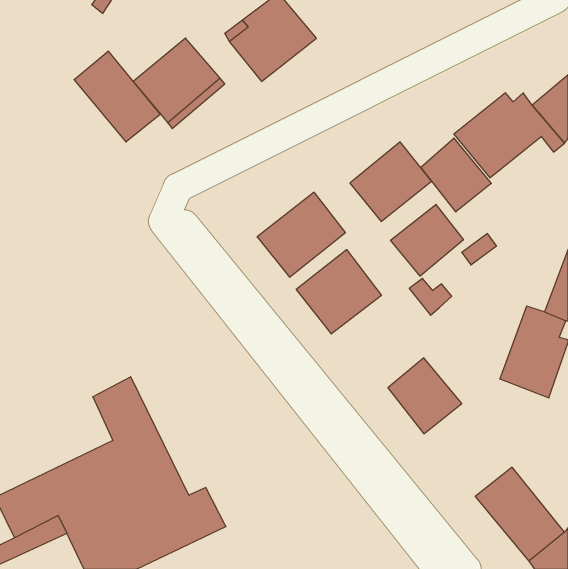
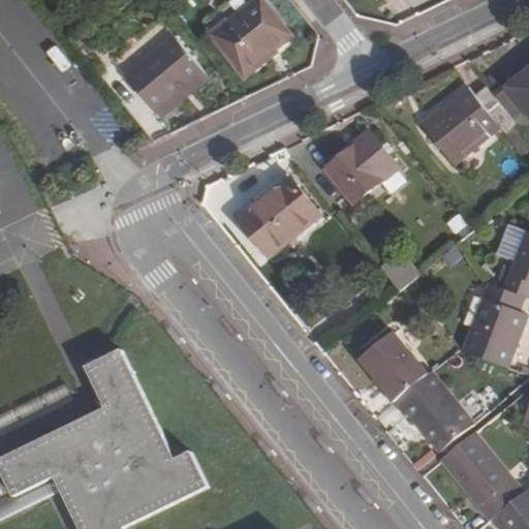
building: [74,51,160,142] -> none
building: [421,138,491,212] -> none
building: [391,204,463,276] -> none
building: [296,250,381,334] -> none
building: none -> [392,371,472,450]

